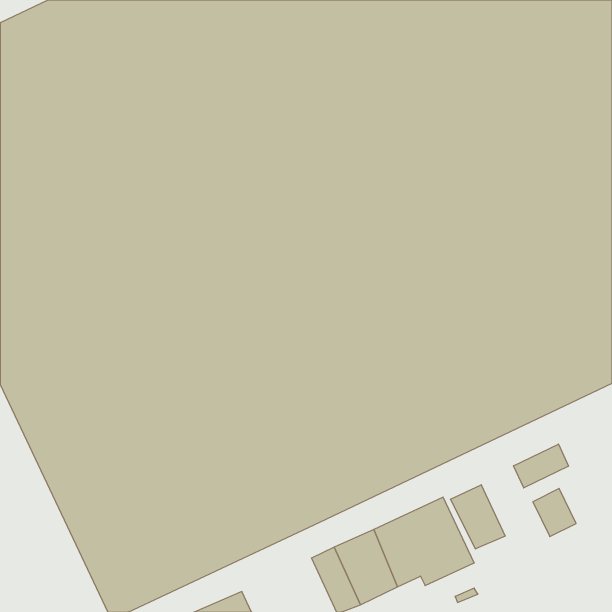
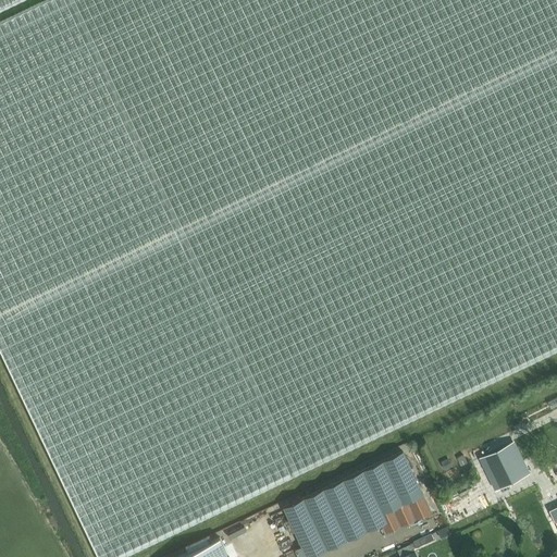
building: [514,444,568,488] -> none
building: [451,485,505,549] -> none

